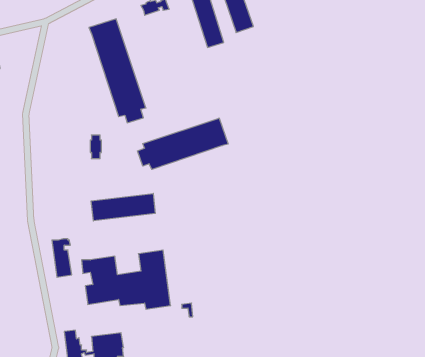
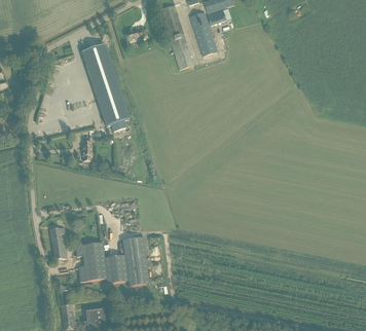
building: [137,118,228,169] -> none
building: [91,193,155,221] -> none

